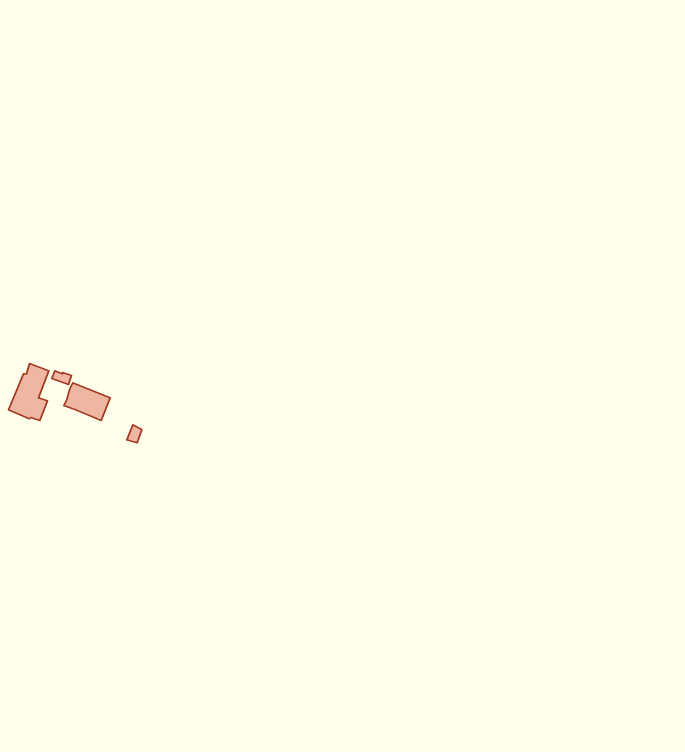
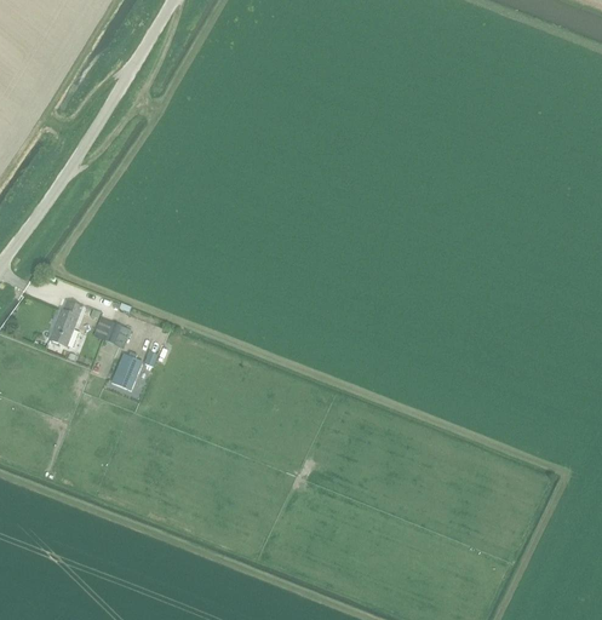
building: none -> [111,354,142,388]

